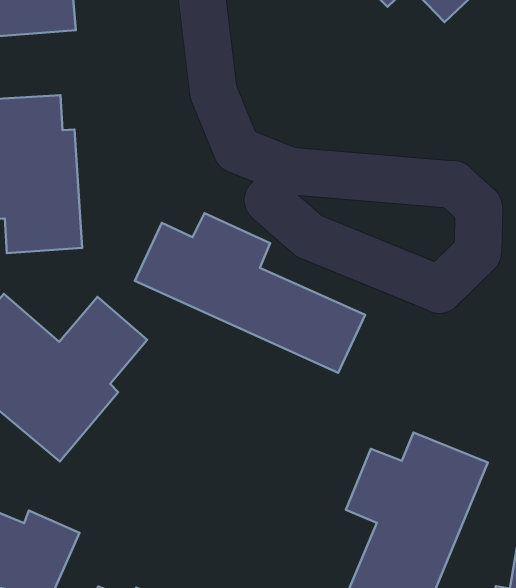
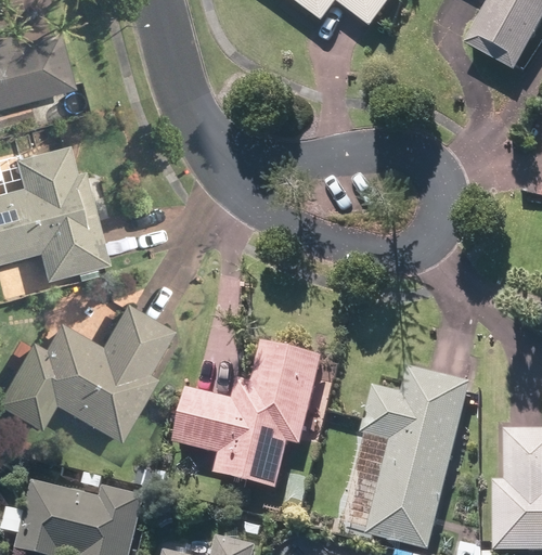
building: [135,213,365,373] -> none
building: none -> [172,340,324,489]

